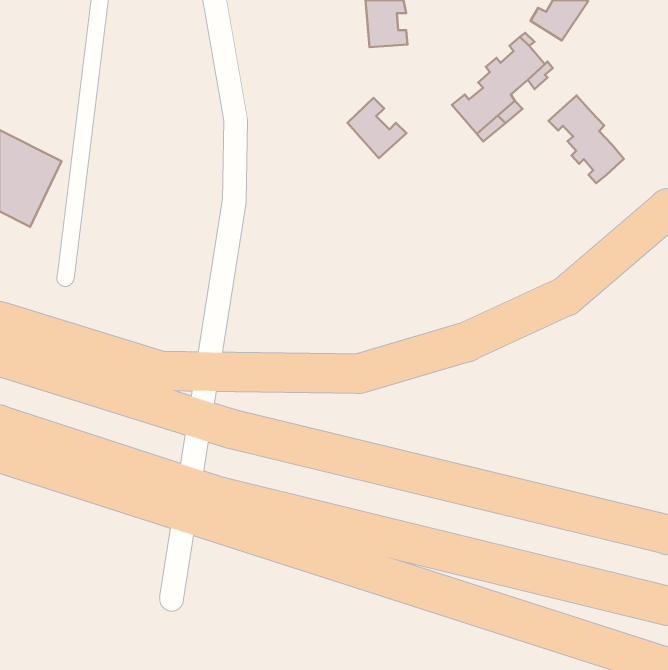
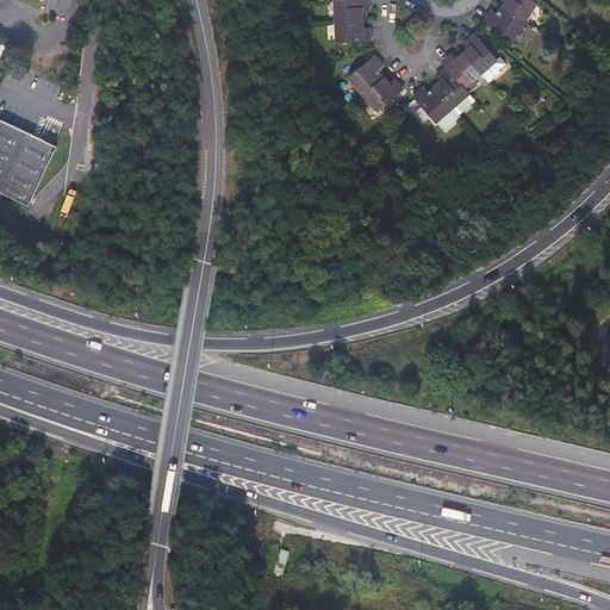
building: [548,95,624,183] -> none
building: [347,98,406,158] -> [349,55,403,110]

